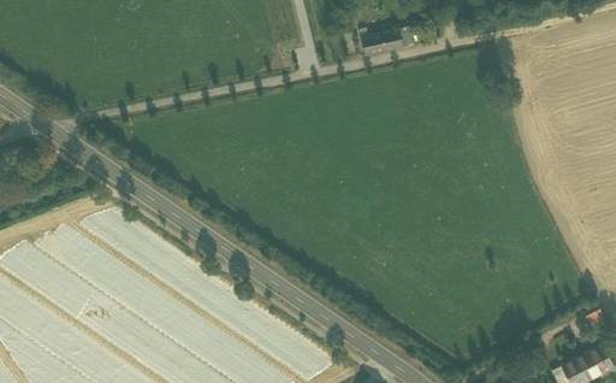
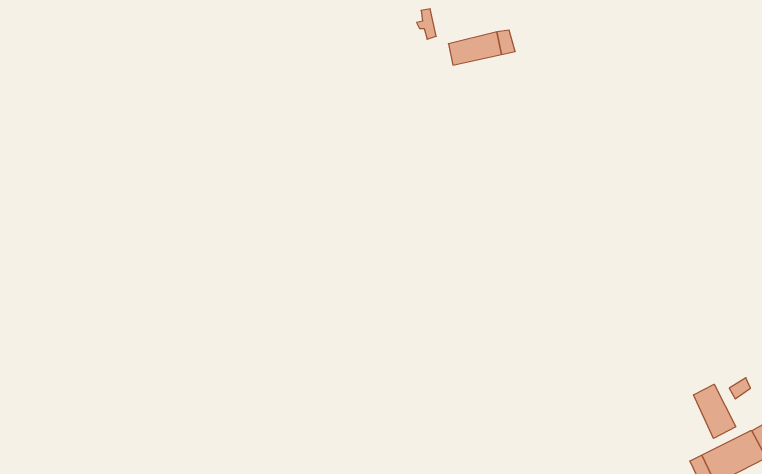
building: none -> [694,384,736,438]

